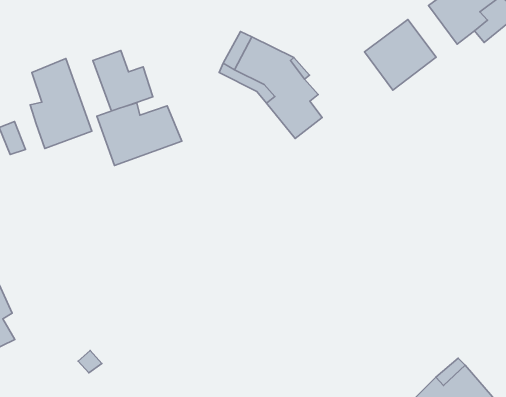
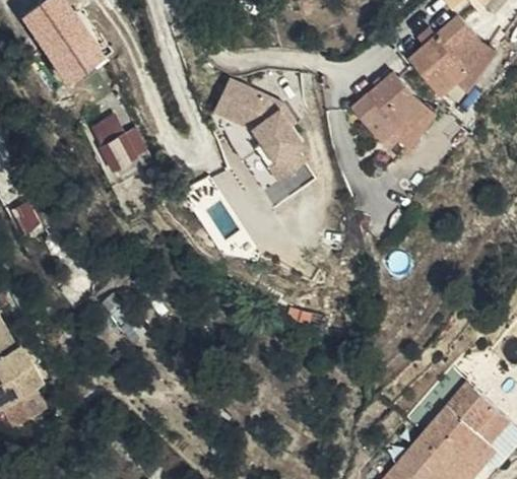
building: none -> [380,100,429,146]
building: [30,59,92,148] -> none
building: [97,103,182,165] -> none

